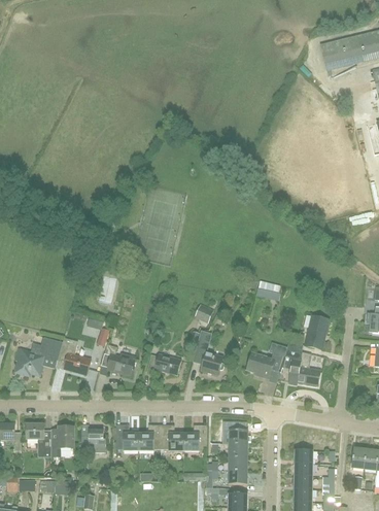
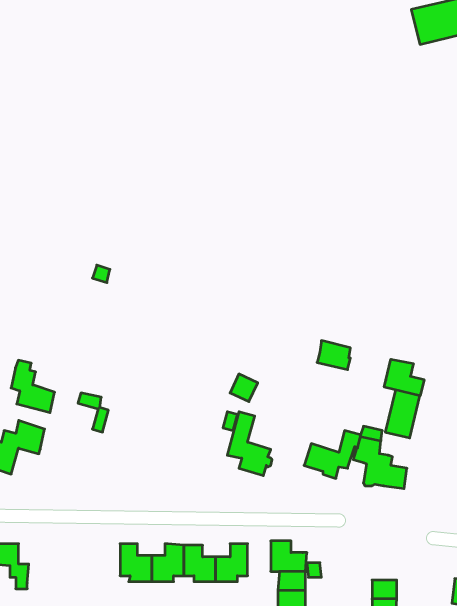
building: none -> [384,359,424,396]
building: [59,337,90,374] -> [11,360,55,413]
building: [102,343,135,375] -> none
building: [145,353,181,375] -> none
building: [80,423,105,451] -> none
building: [49,425,73,455] -> none

